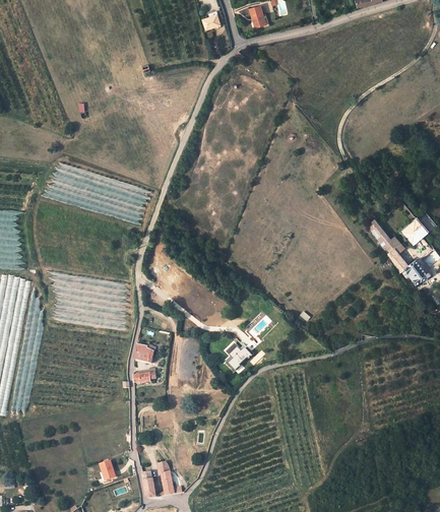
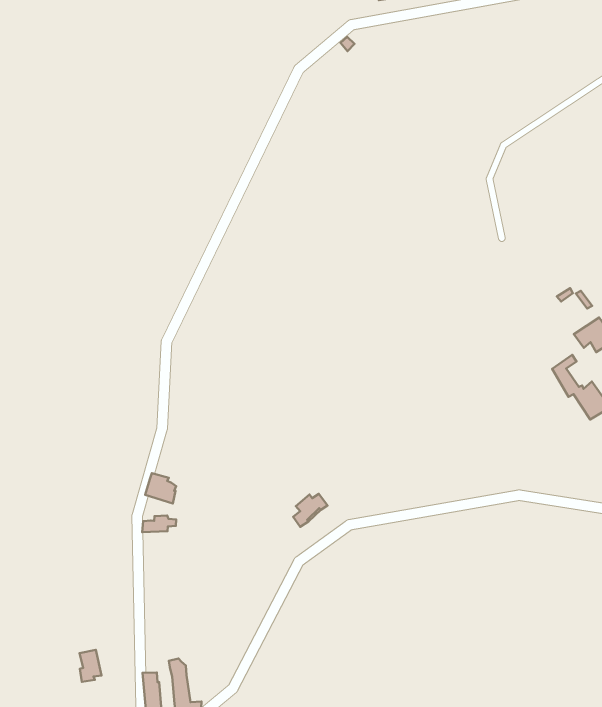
building: [368,219,400,254] -> none

